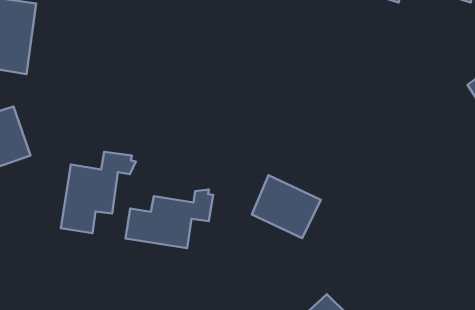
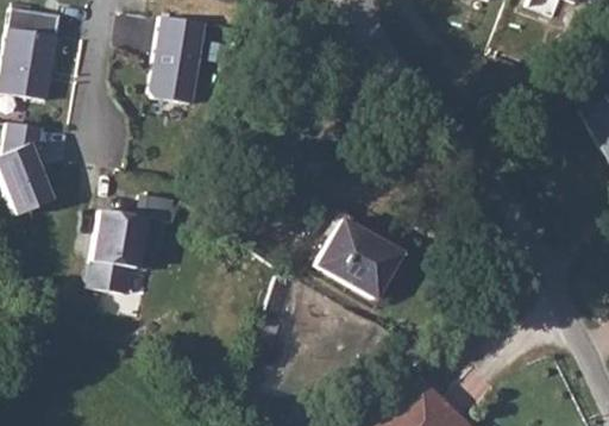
building: none -> [150,14,205,101]
building: [125,190,213,248] -> none

